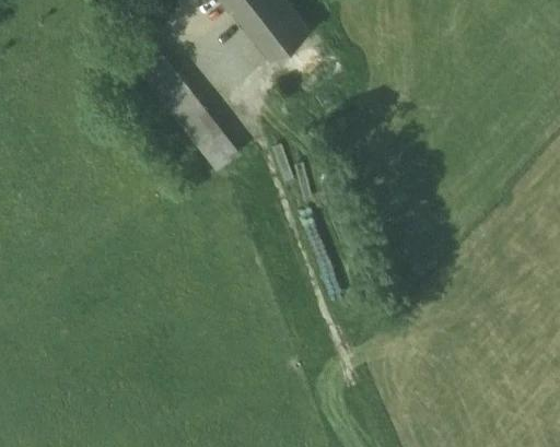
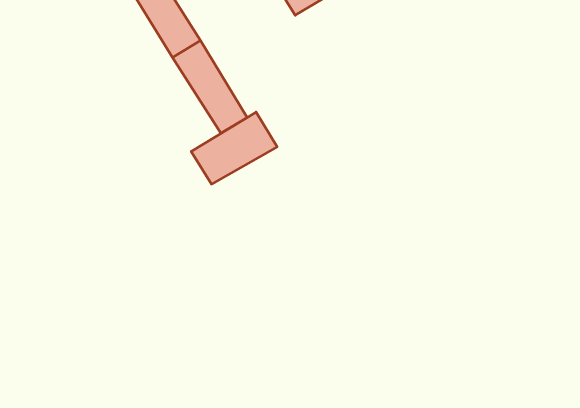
building: none -> [191,112,277,184]

